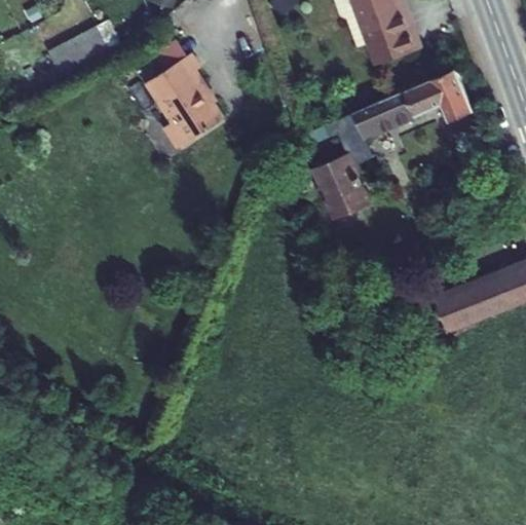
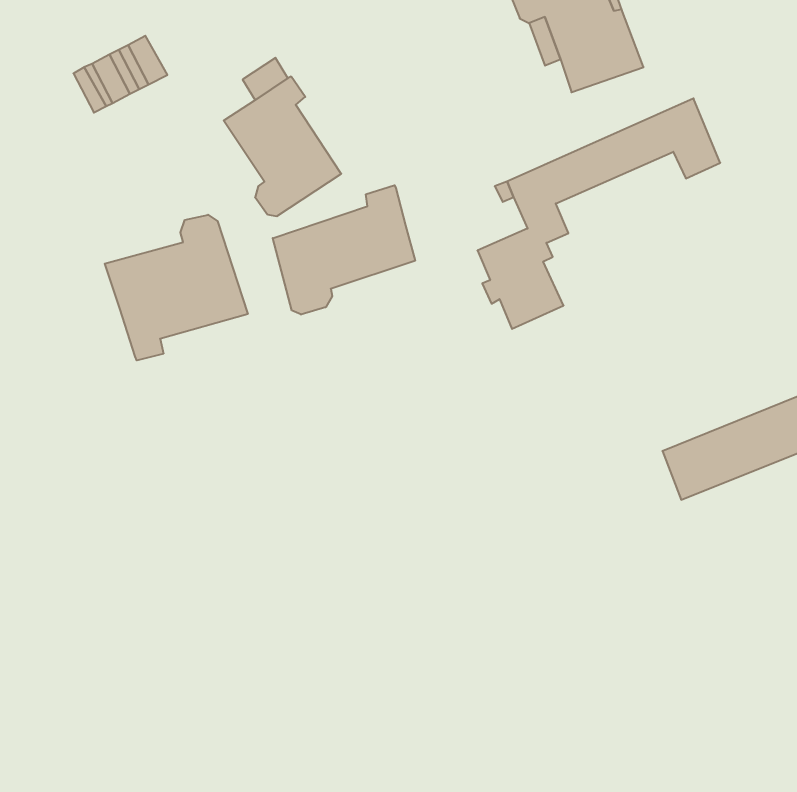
building: none -> [273,185,415,315]
building: none -> [105,215,248,360]

